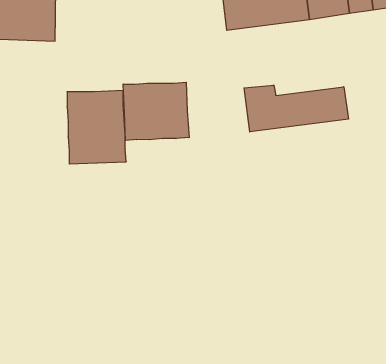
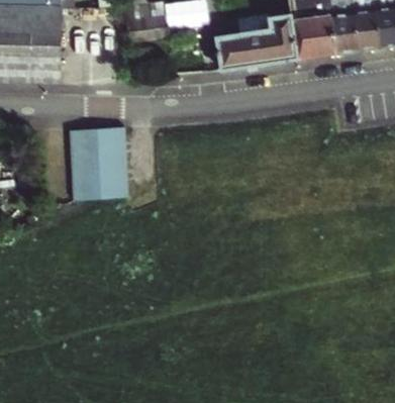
building: [123,82,189,141] -> none
building: [244,85,348,132] -> none

